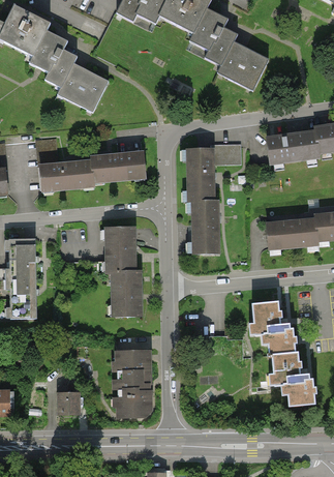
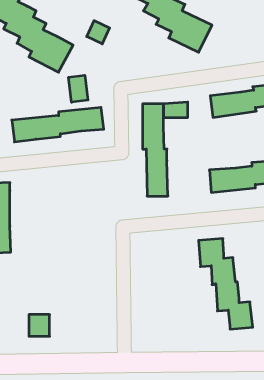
building: none -> [87,21,110,44]
building: none -> [69,75,88,102]
building: [105,228,142,318] -> none
building: [111,351,152,416] -> none

